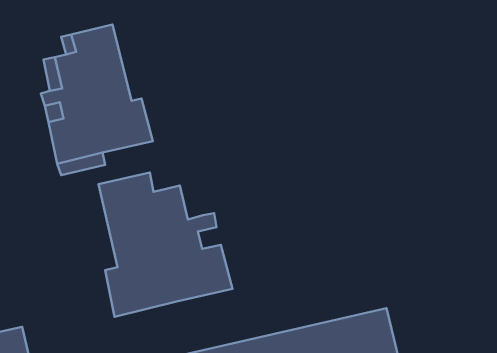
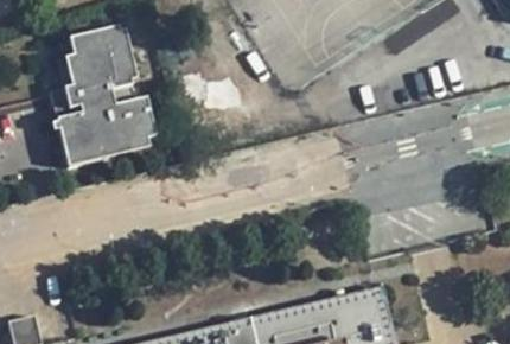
building: [99,172,233,317] -> none

